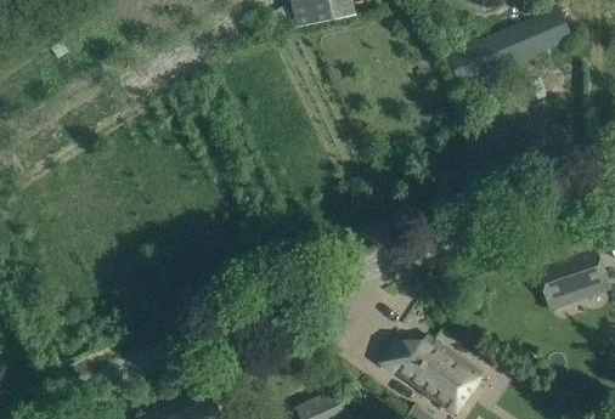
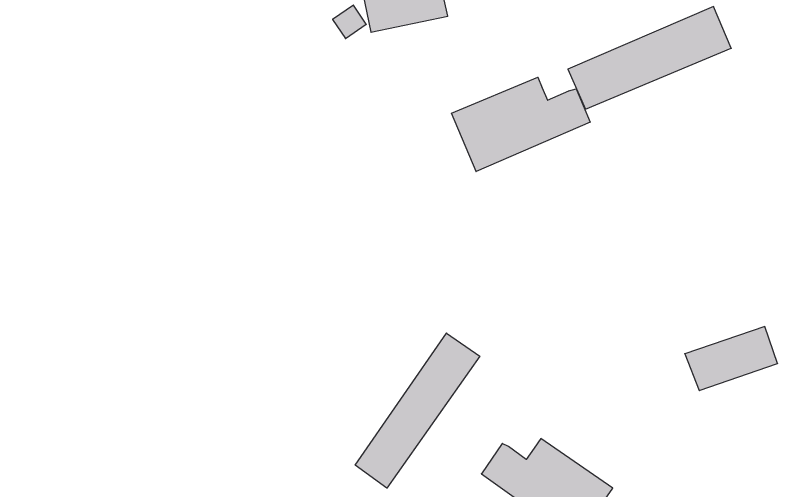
building: none -> [451,77,590,172]
building: none -> [355,333,480,488]

